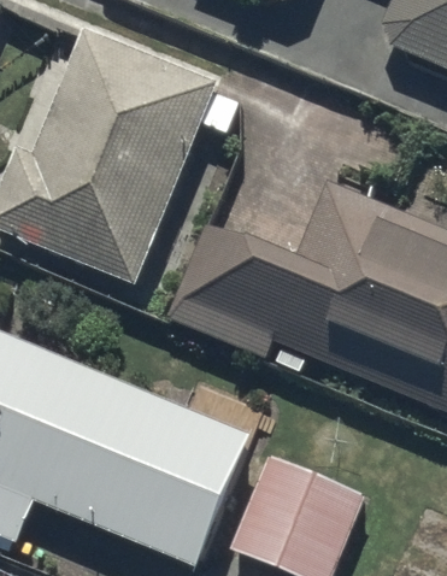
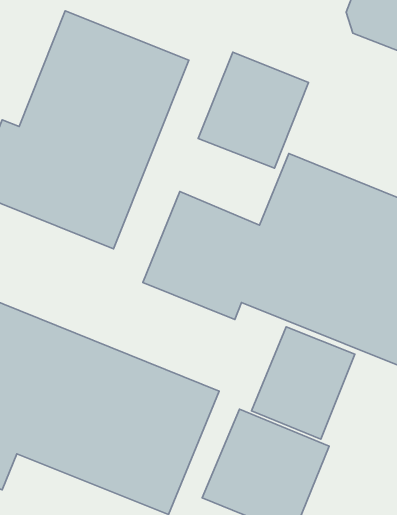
building: none -> [198,52,308,168]
building: none -> [252,327,355,439]

